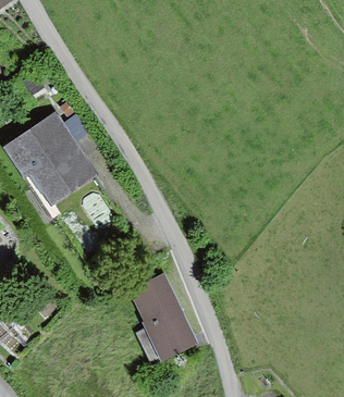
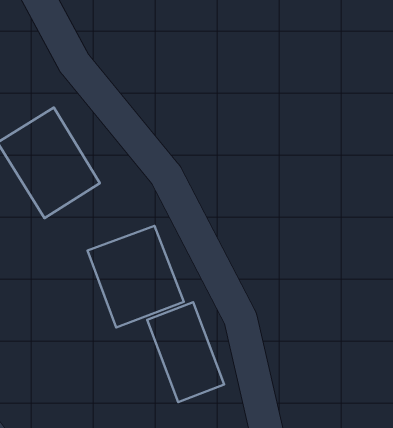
building: none -> [87,226,184,328]

